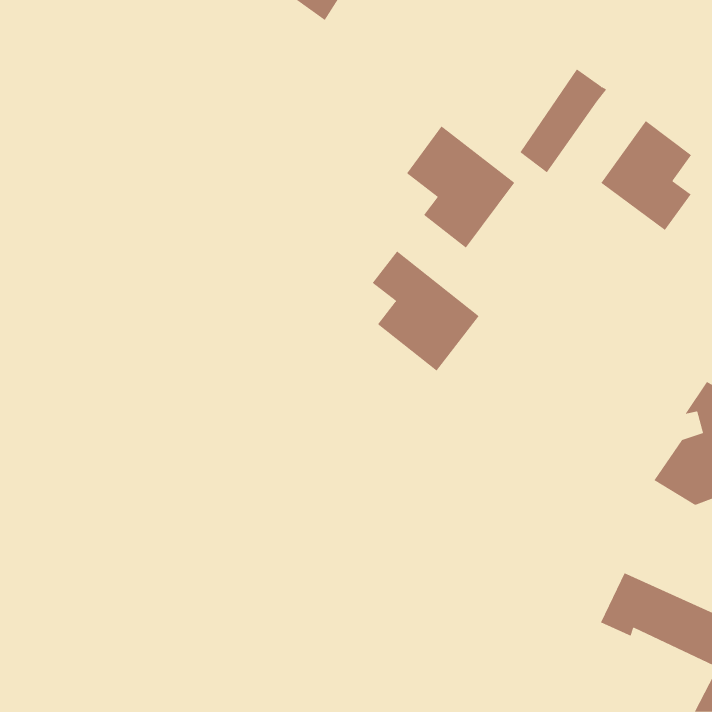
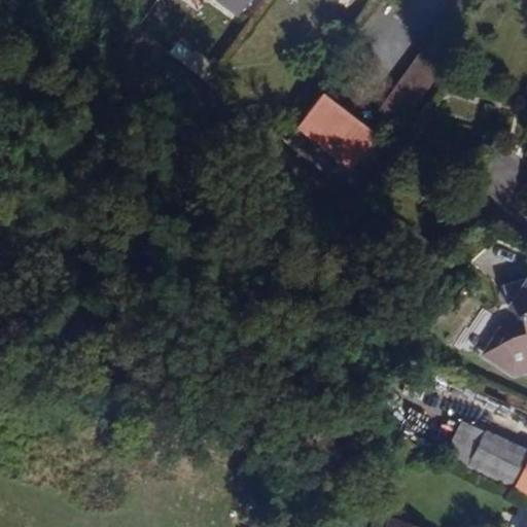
building: [601,120,692,231] -> none
building: [372,251,480,372] -> none

